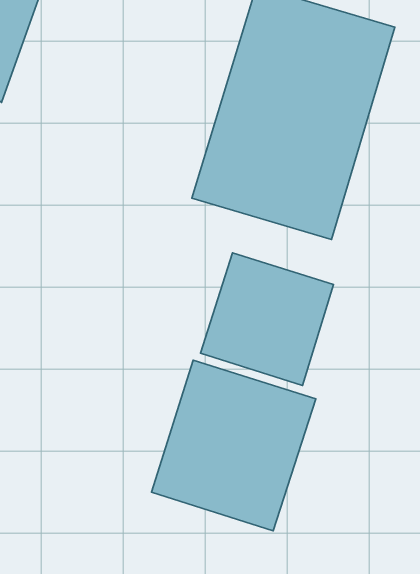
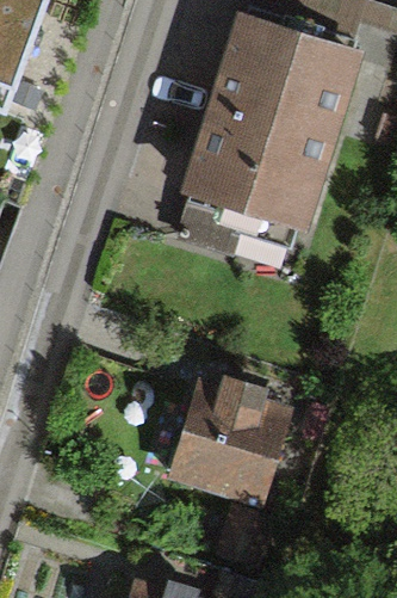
building: [201,253,333,385] -> none

